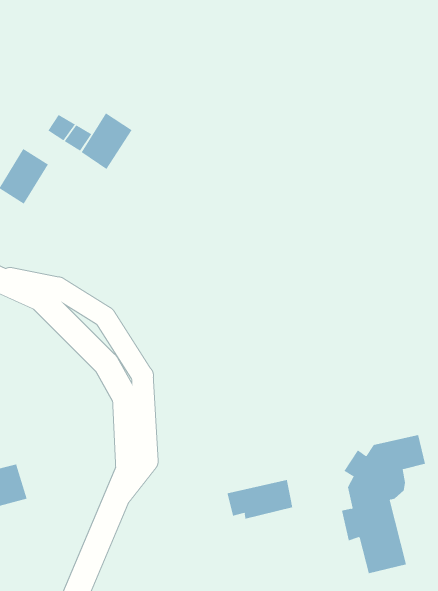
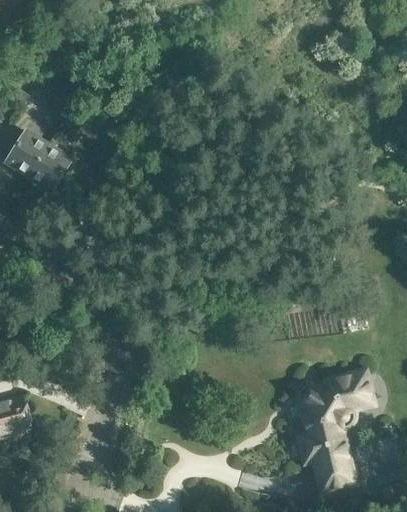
building: [81,112,133,170] -> [27,142,71,191]
building: [227,479,293,519] -> none

